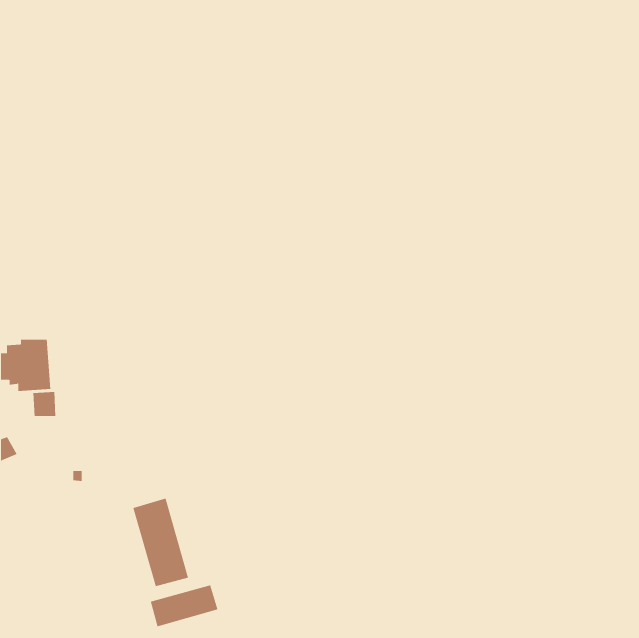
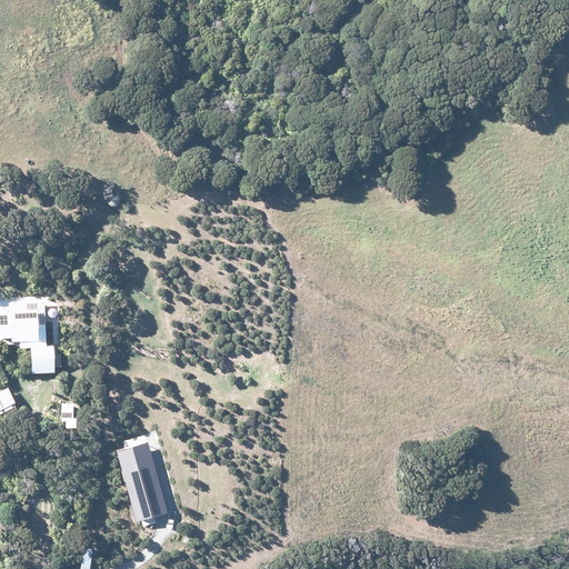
building: [150,585,218,627] -> none

